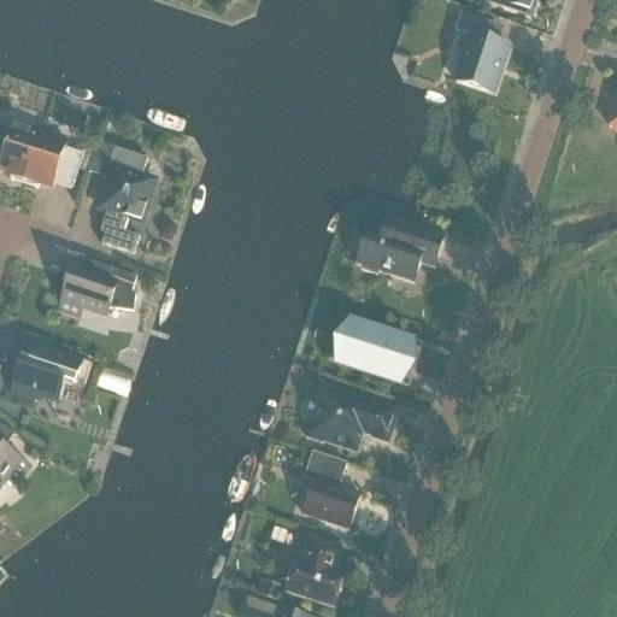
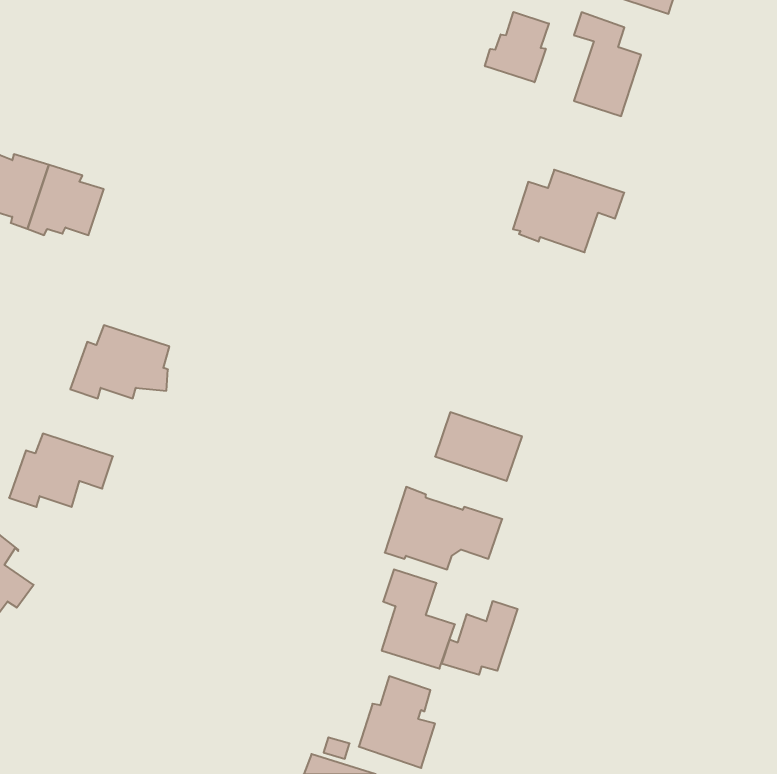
building: none -> [485,12,549,82]
building: [84,139,152,251] -> none
building: [354,216,442,281] -> [513,170,624,252]
building: none -> [442,601,518,675]

